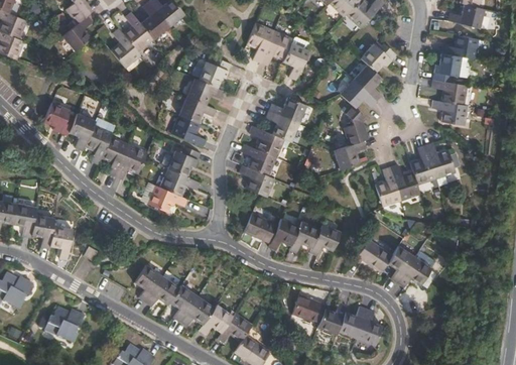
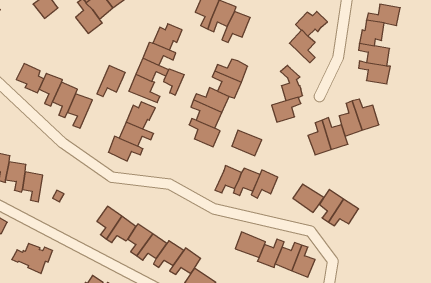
building: [339,79,376,107] -> none
building: none -> [164,69,184,95]
building: [115,143,147,178] -> [97,66,125,97]
building: [244,213,278,242] -> [232,130,262,156]

